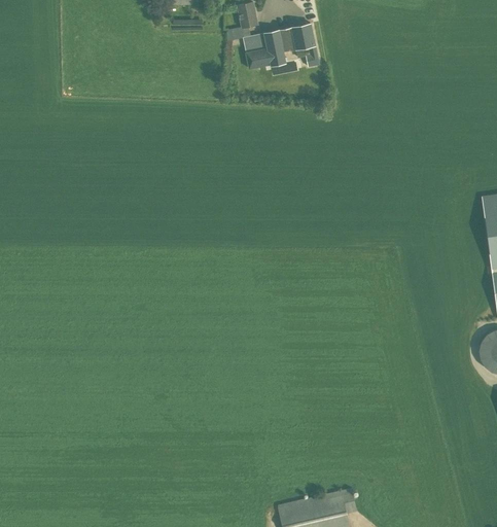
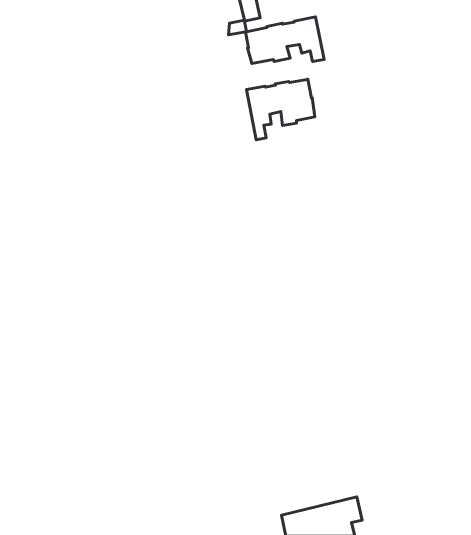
building: none -> [247,79,315,140]

